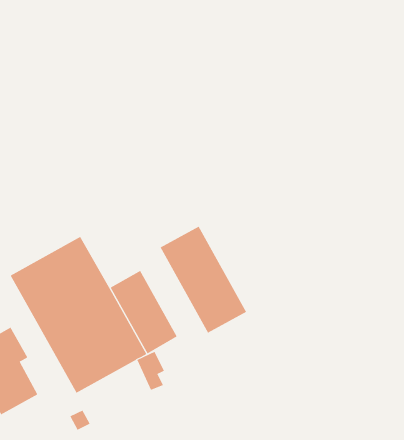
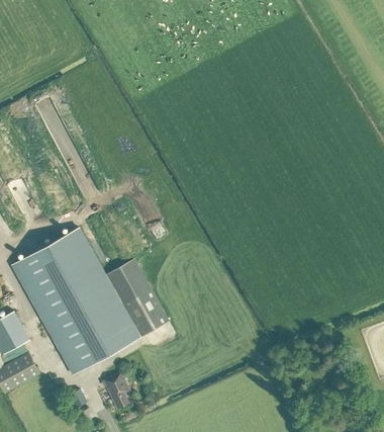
building: [160,226,247,333] -> none
building: [136,351,165,391] -> [103,371,129,408]

